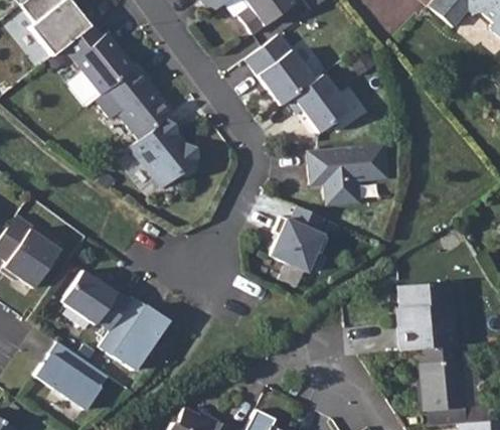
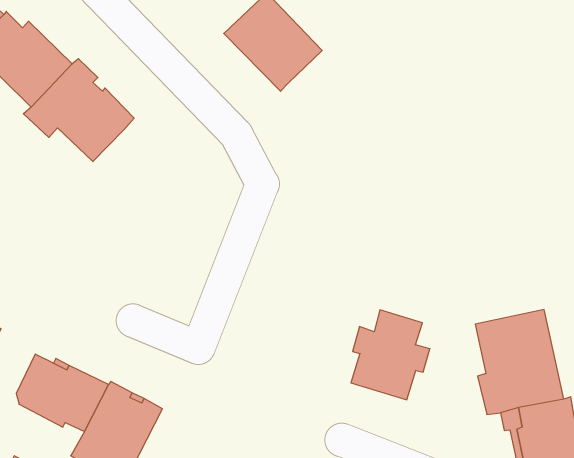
building: [288,74,349,132] -> none
building: [132,118,200,186] -> none
building: [309,142,388,203] -> none
building: [271,204,330,271] -> [351,310,430,400]

